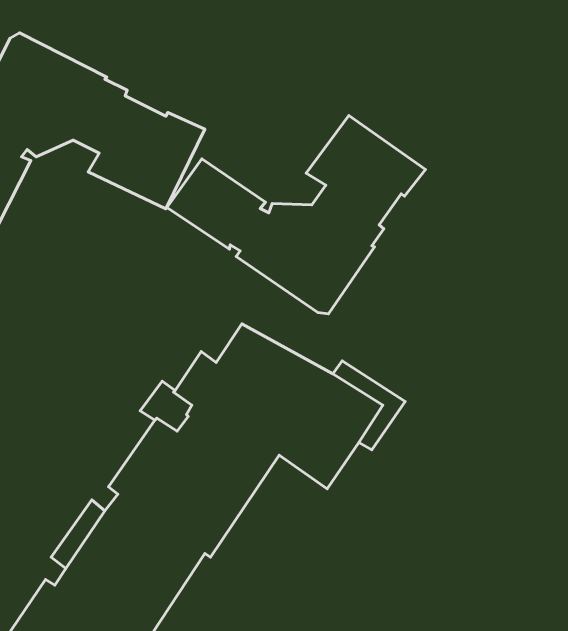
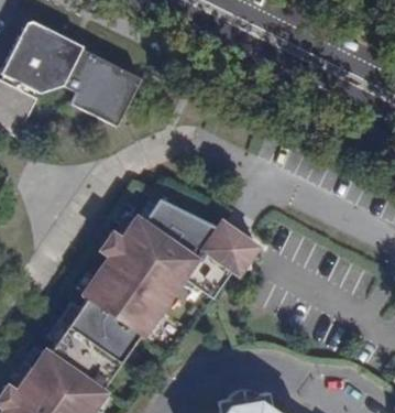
building: [167,115,425,314] -> none

